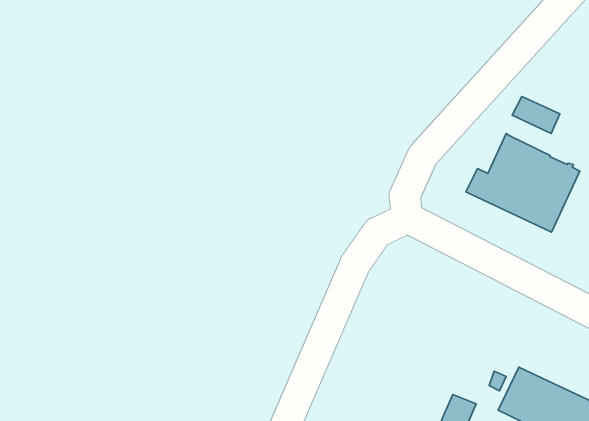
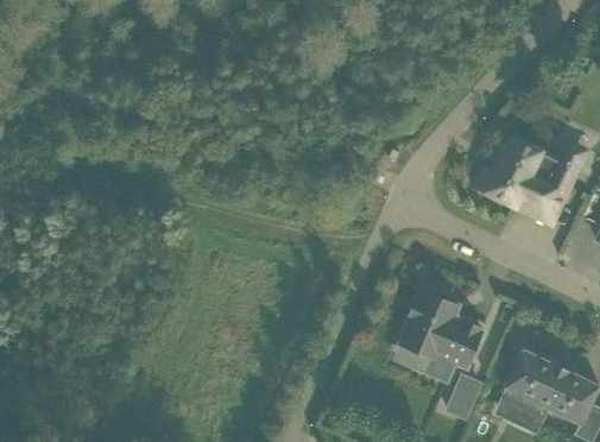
building: [512,96,560,134] -> none
building: none -> [398,289,480,381]

